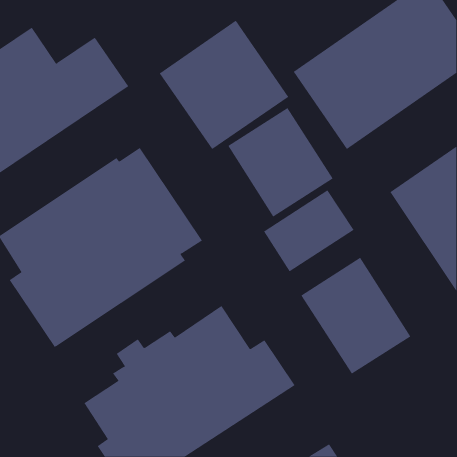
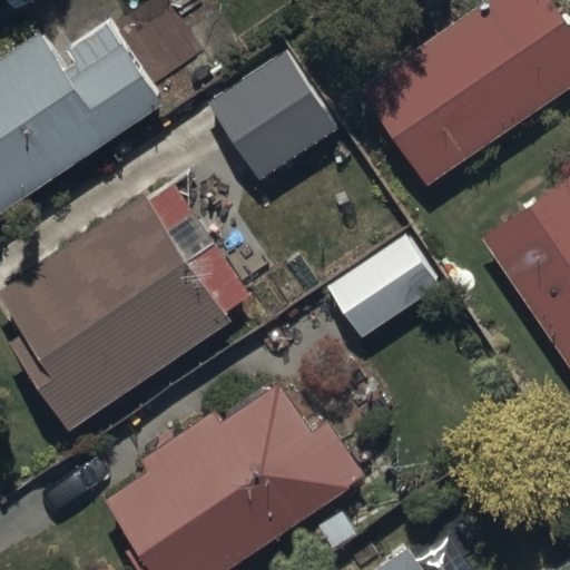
building: [227,107,334,218] -> none
building: [301,257,411,375] -> none

